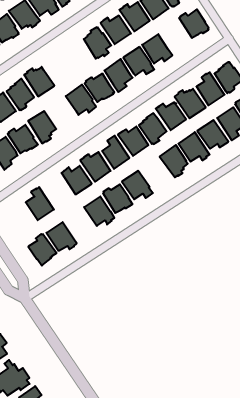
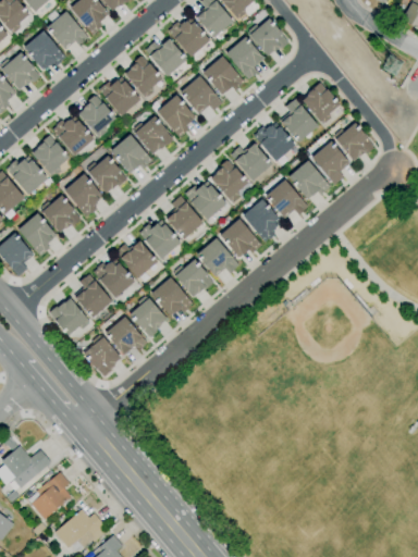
building: none -> [225,37,263,79]
building: none -> [98,77,140,116]
building: none -> [78,96,115,137]
building: none -> [86,156,126,194]
building: none -> [219,219,260,258]
building: none -> [93,259,134,298]
building: none -> [49,298,89,336]
building: none -> [128,296,167,337]

